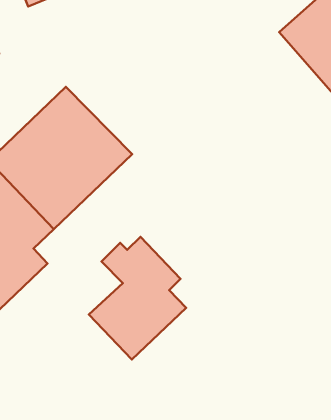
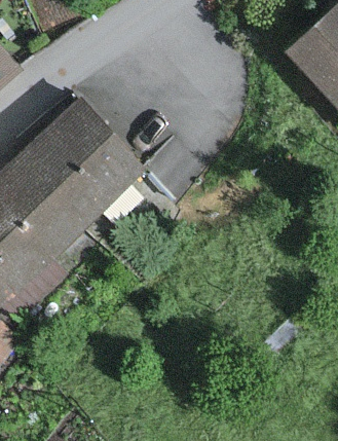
building: [89,237,186,360] -> none

